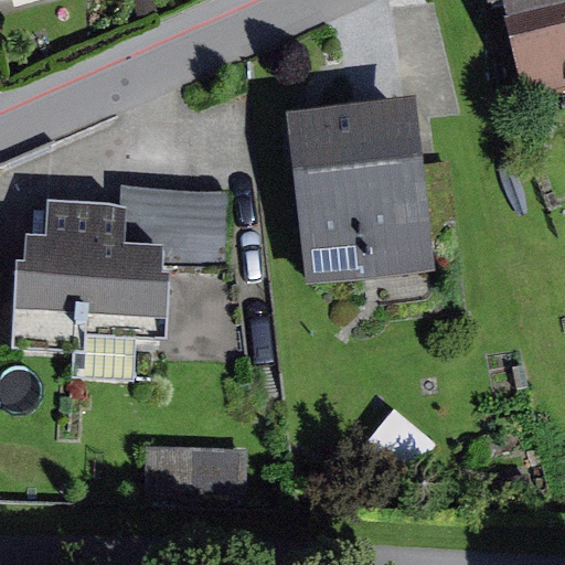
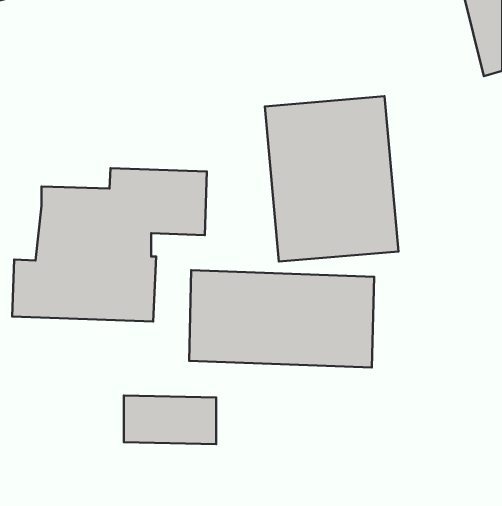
building: none -> [189,270,374,368]

